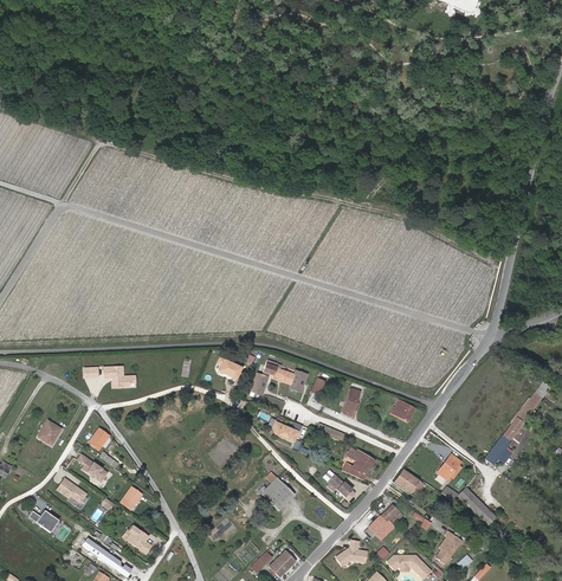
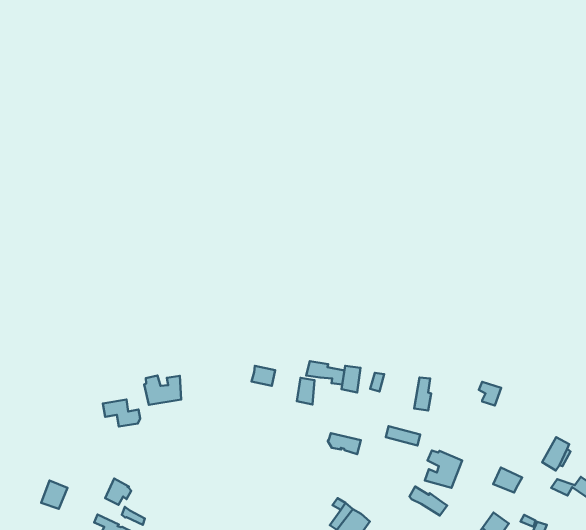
building: none -> [144,376,181,405]

